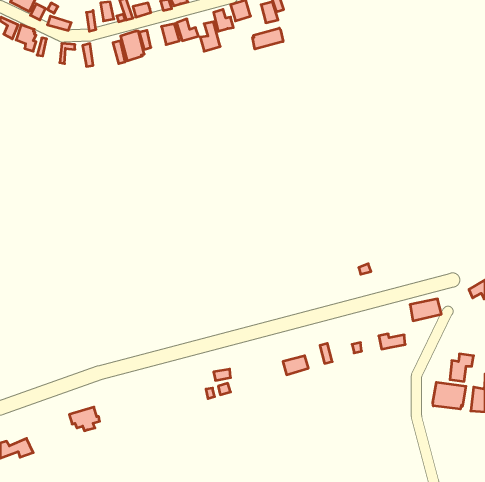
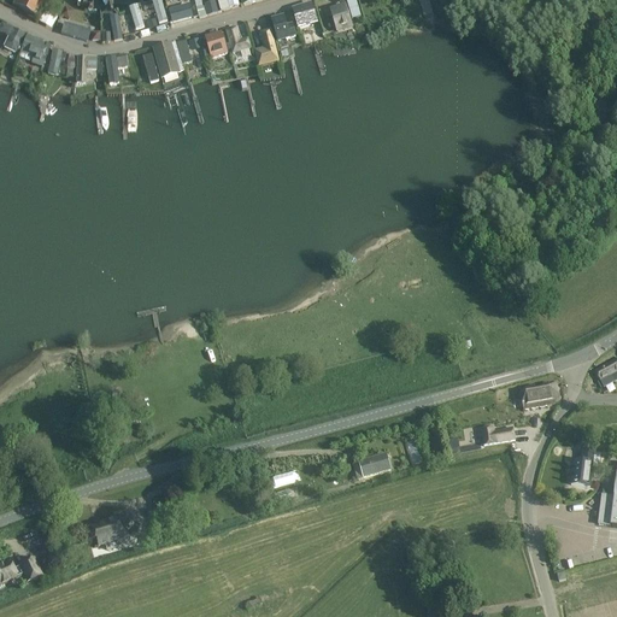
building: [253,28,283,49] -> none
building: [433,382,466,409] -> none

